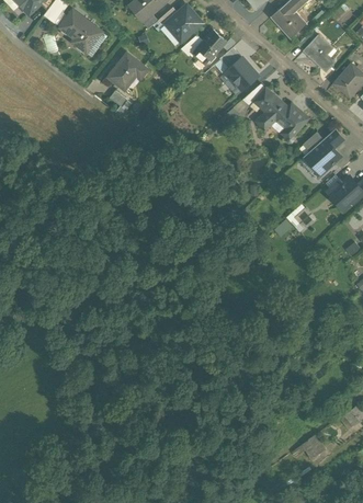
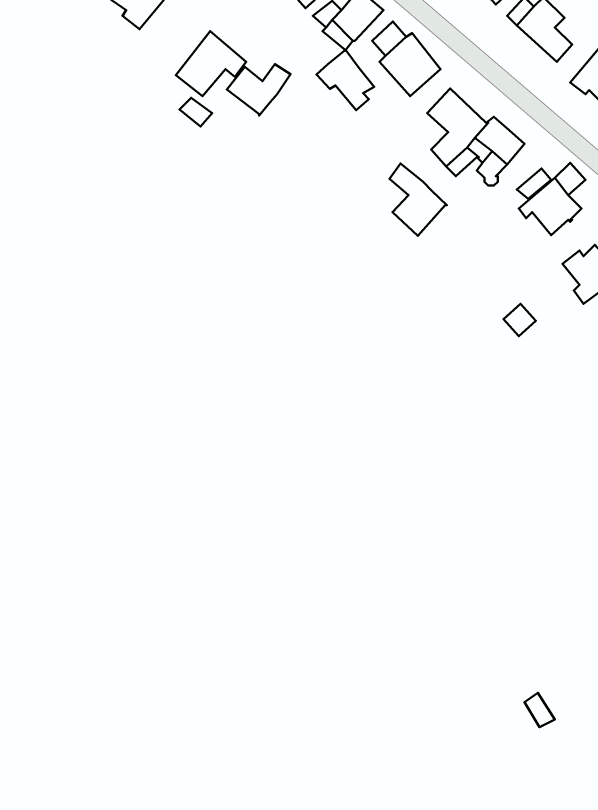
building: none -> [317,50,374,110]
building: none -> [227,64,291,116]
building: none -> [390,164,447,236]

